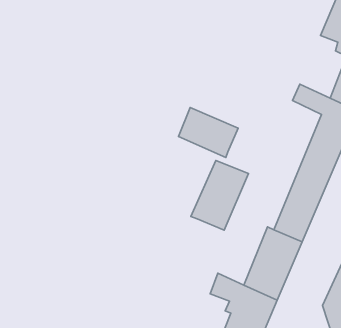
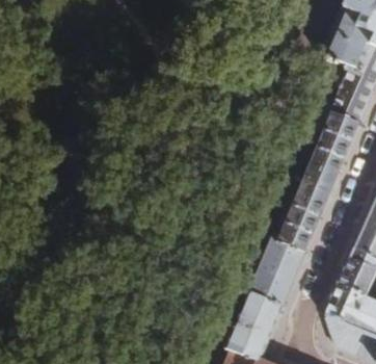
building: [178,107,238,158] -> none
building: [191,160,249,230] -> none

